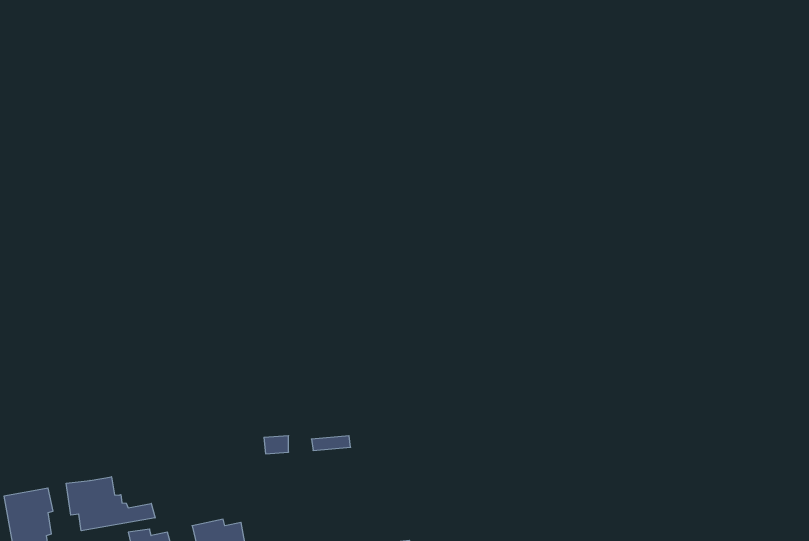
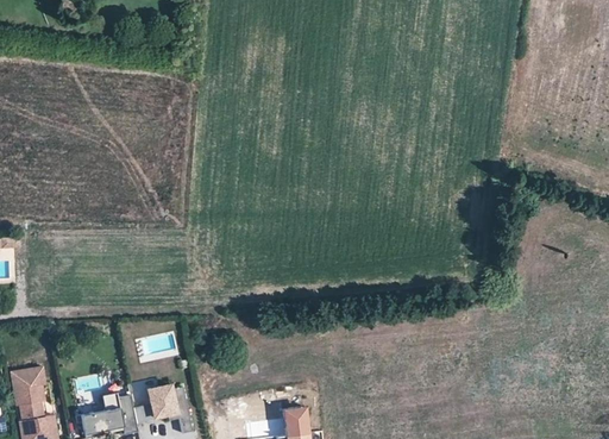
building: [66,477,155,531] -> none

